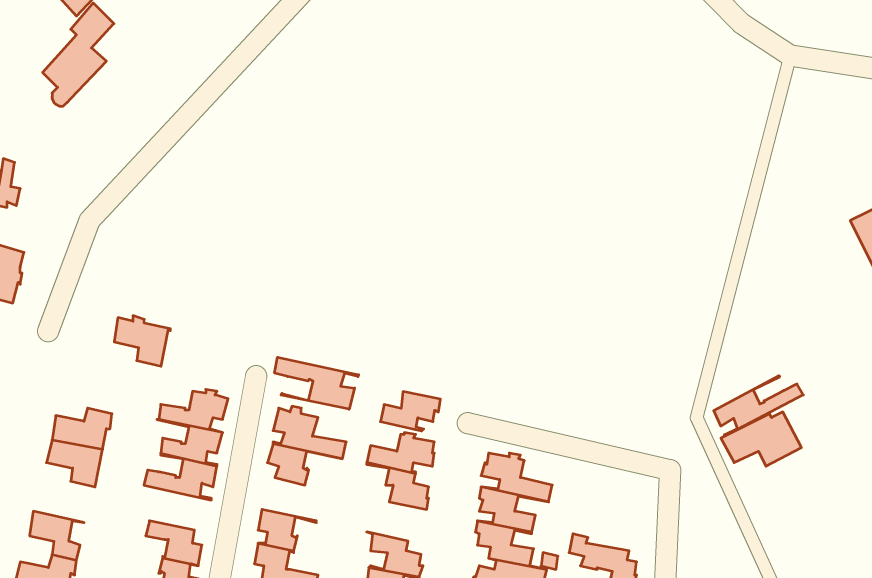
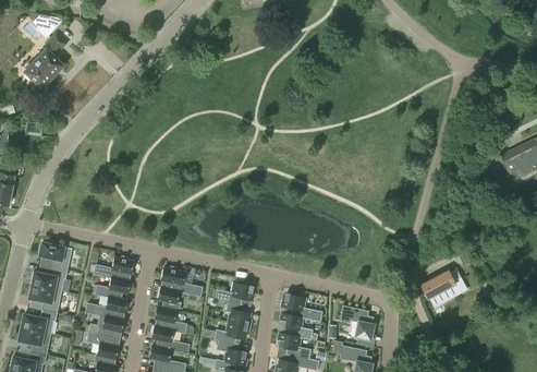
building: [114,316,170,366] -> [39,240,72,269]
building: [275,357,359,409] -> none
building: [714,376,803,436] -> none
building: [380,392,440,431] -> [215,321,249,344]
building: none -> [340,304,374,338]
building: none -> [154,305,187,332]
building: none -> [21,309,57,333]
building: none -> [88,315,124,337]

